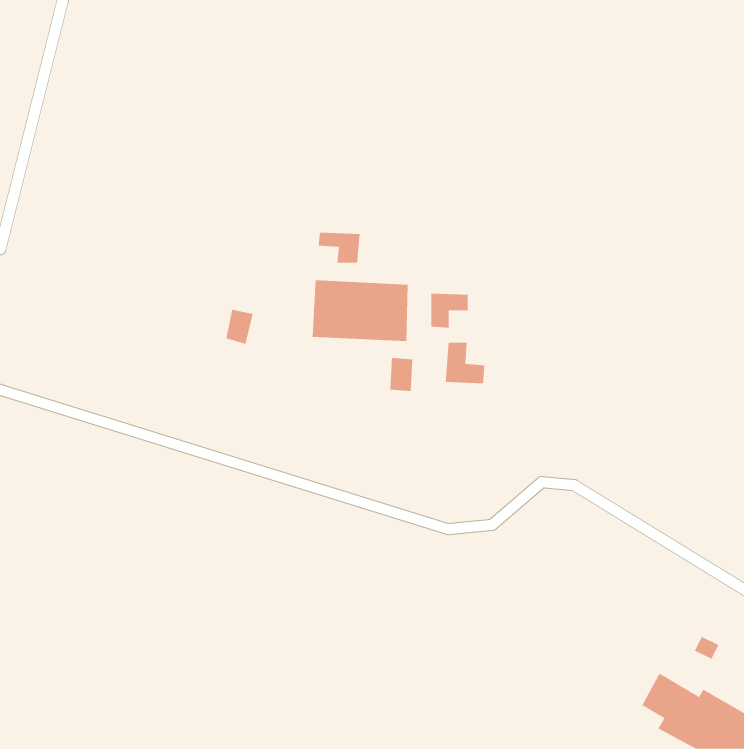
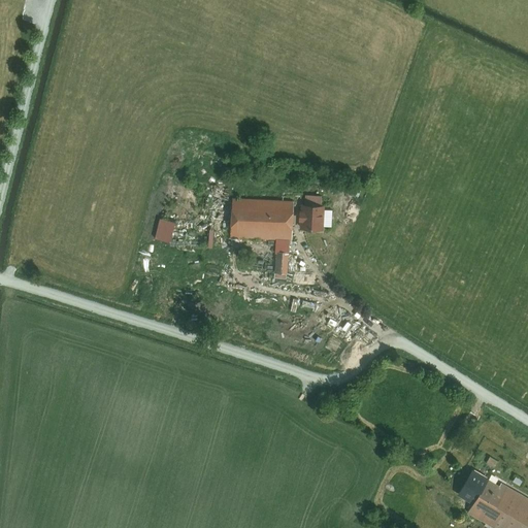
building: [318,232,360,264] -> none
building: [445,342,485,384] -> none

